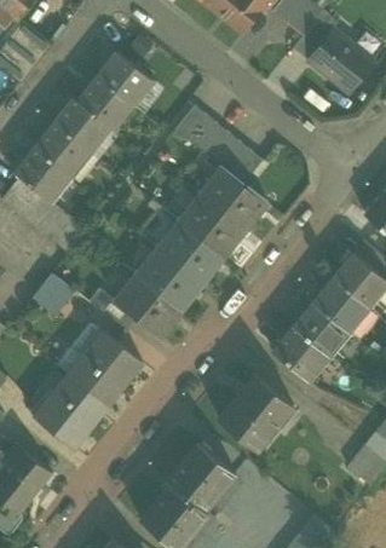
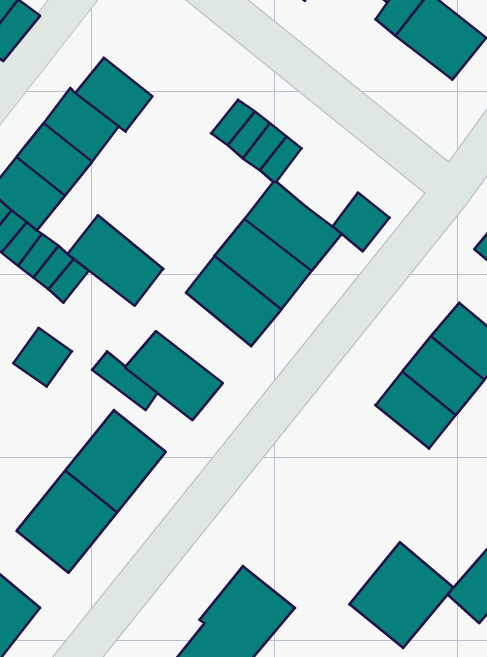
building: [97,52,151,104] -> none
building: [221,142,263,184] -> [333,193,390,251]
building: [134,246,203,311] -> [68,215,163,306]
building: [272,327,332,382] -> none
building: [218,374,293,450] -> [349,542,453,648]

